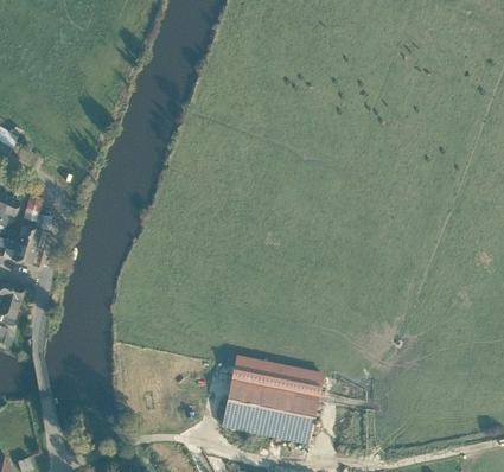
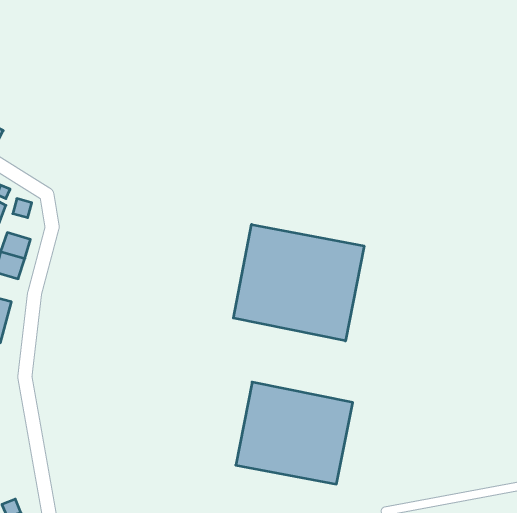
building: none -> [233,224,364,341]

